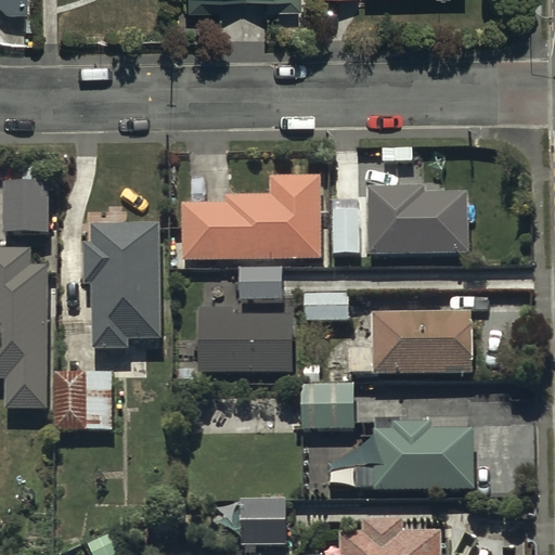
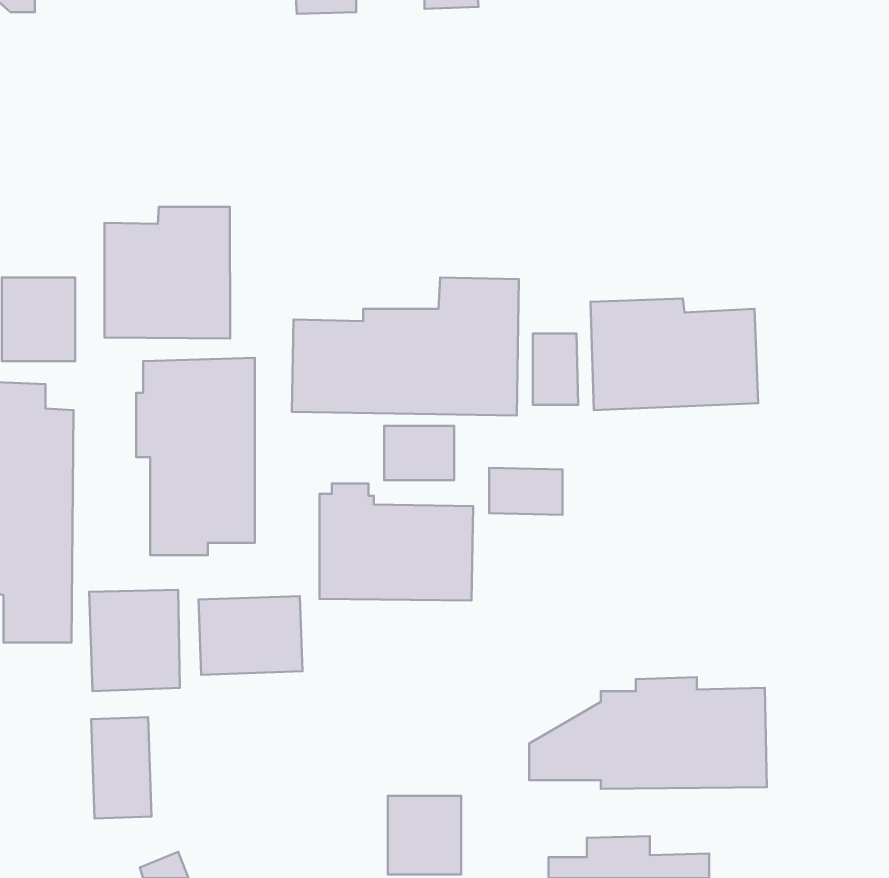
building: none -> [104,207,230,338]
building: [350,311,473,376] -> none
building: none -> [198,596,303,675]
building: [301,380,352,428] -> none
building: none -> [91,717,152,819]

